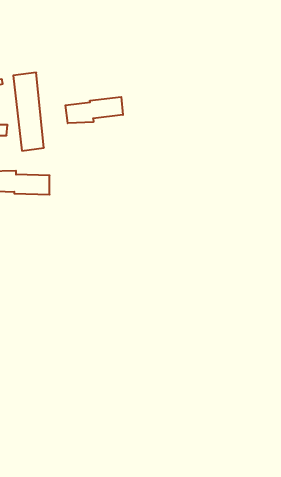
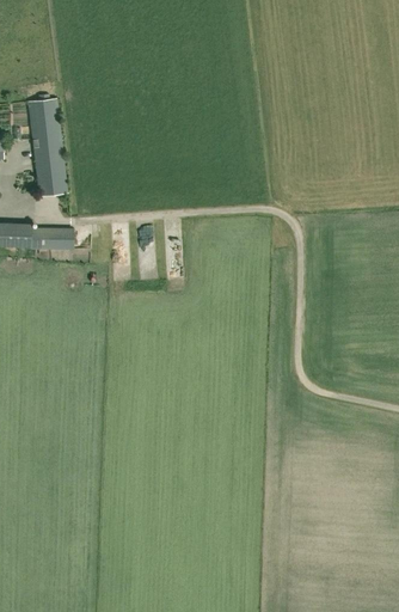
building: [65,97,123,123] -> none

